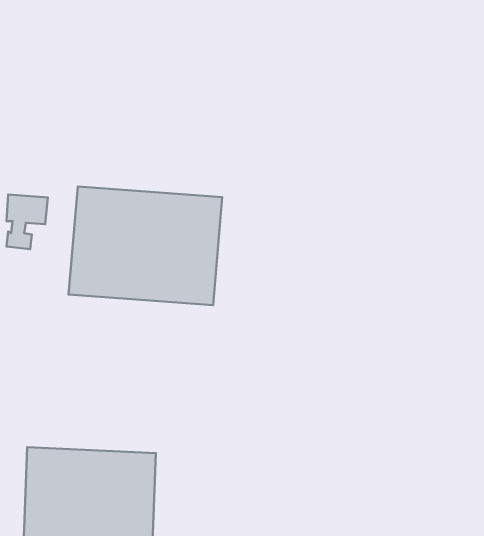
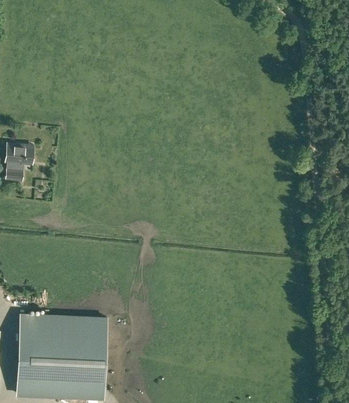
building: [69,187,222,305] -> none

